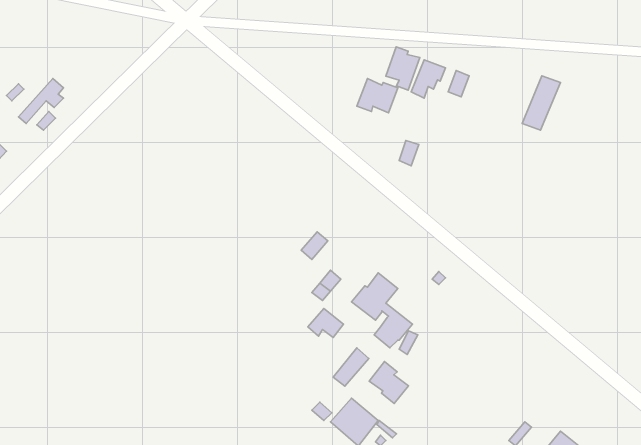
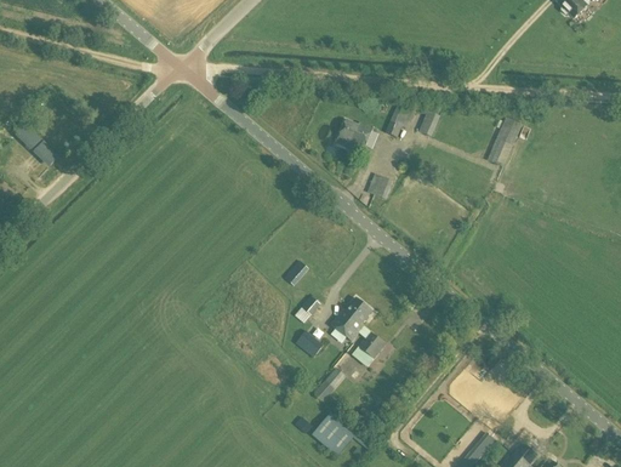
building: [386,47,420,90] -> none
building: [369,361,408,403] -> none

